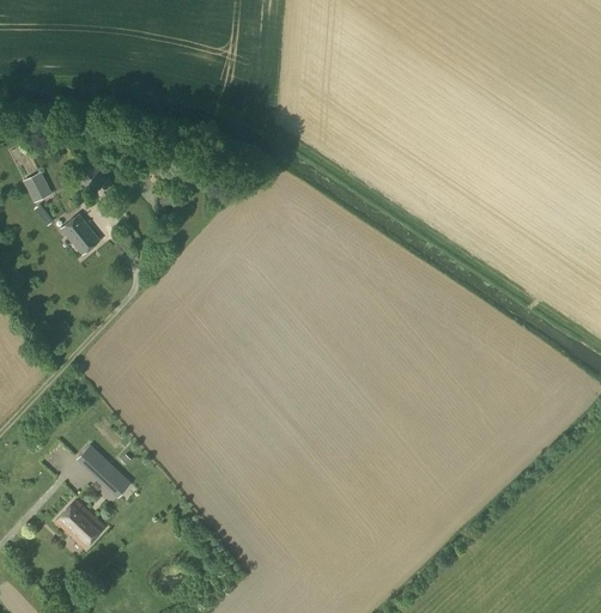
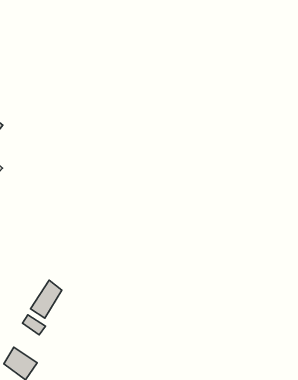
building: none -> [31,280,62,318]

